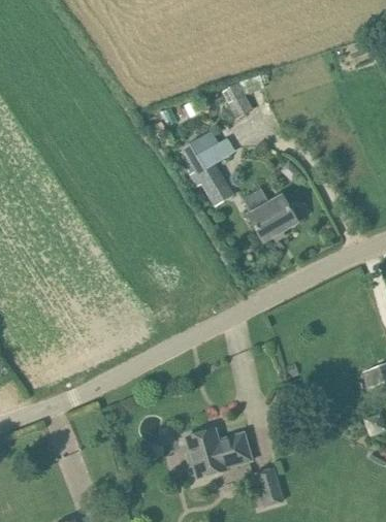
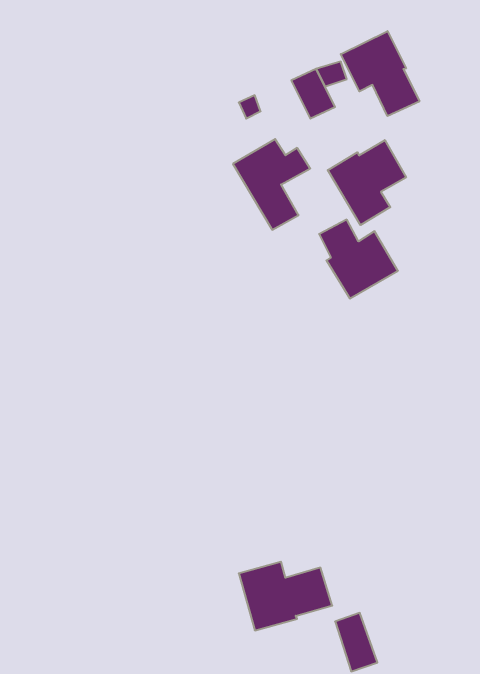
building: none -> [341,31,419,116]
building: none -> [328,140,406,225]

